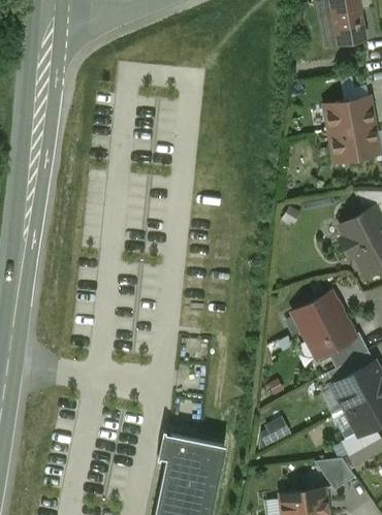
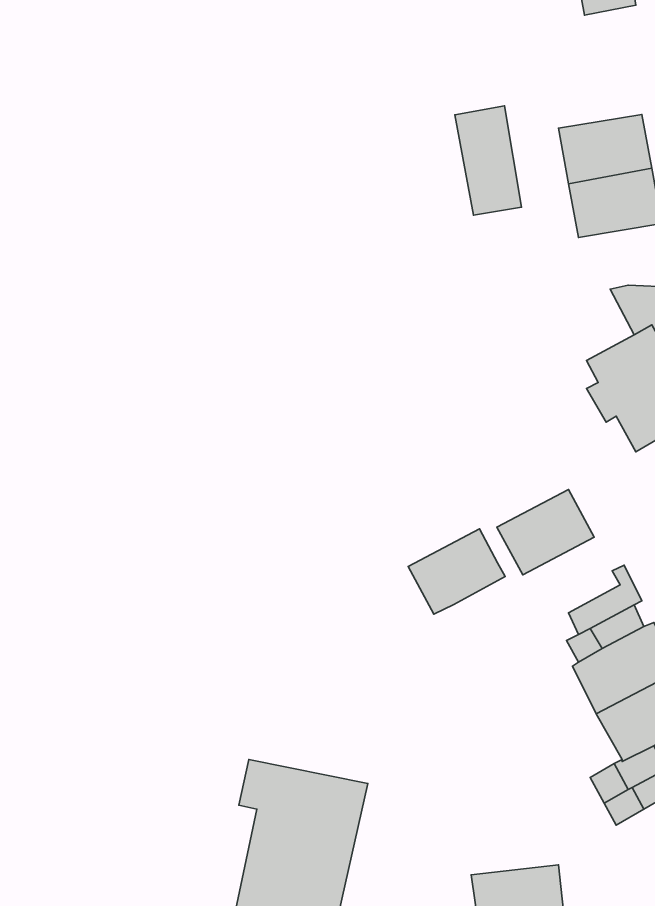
building: none -> [455,106,522,215]
building: [306,318,356,362] -> [408,529,505,614]
building: [314,457,354,490] -> none

